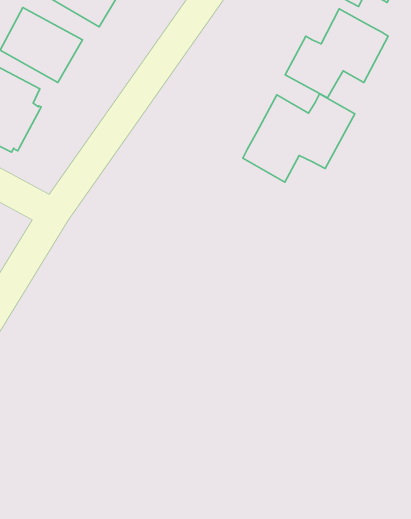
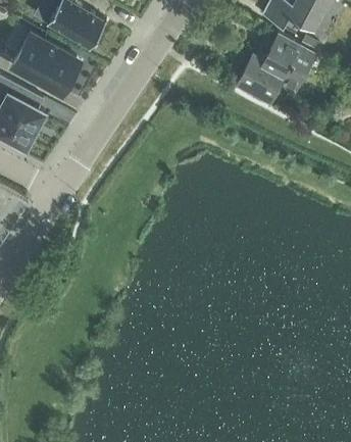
building: [243,94,355,182] -> none

